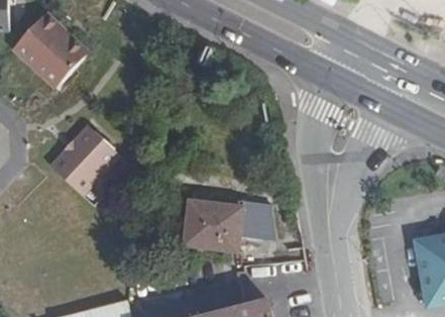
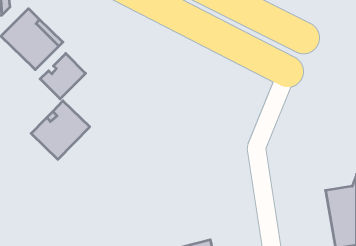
building: none -> [40,53,86,99]
building: [186,198,258,253] -> none

